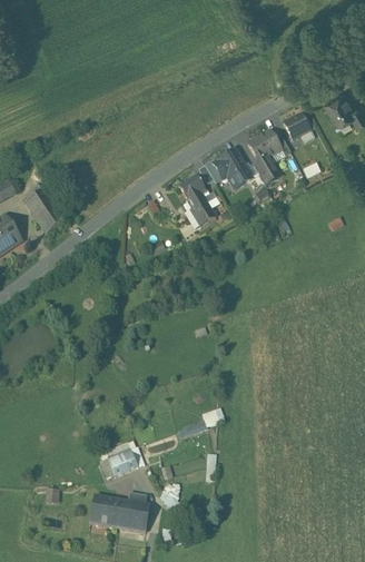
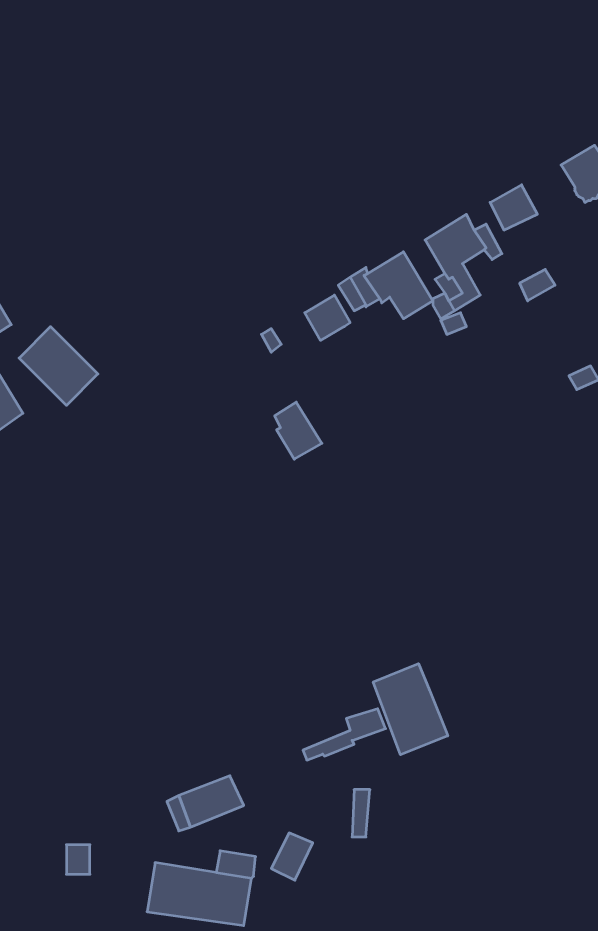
building: [189,194,216,226] -> [275,402,322,459]
building: none -> [373,664,448,755]

